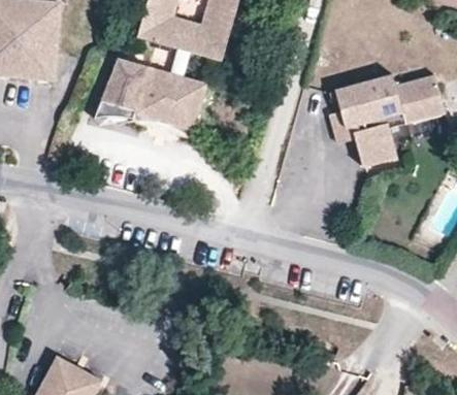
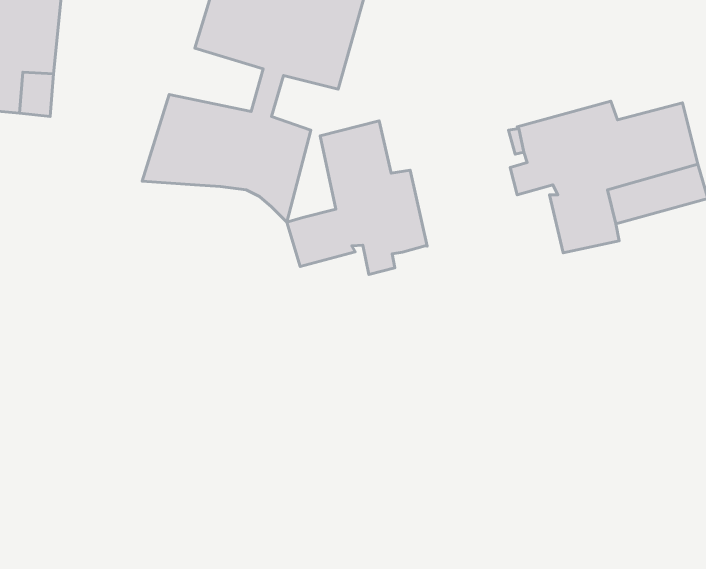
building: none -> [287,121,427,274]

